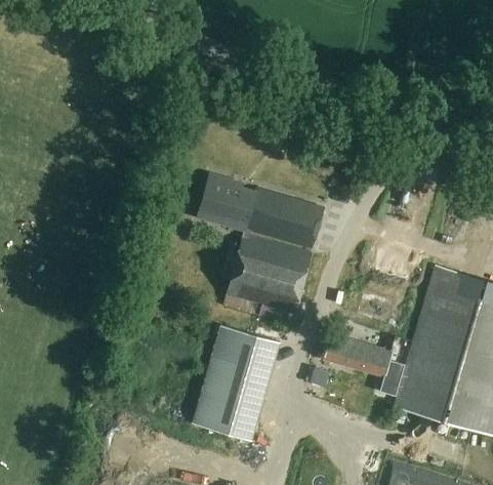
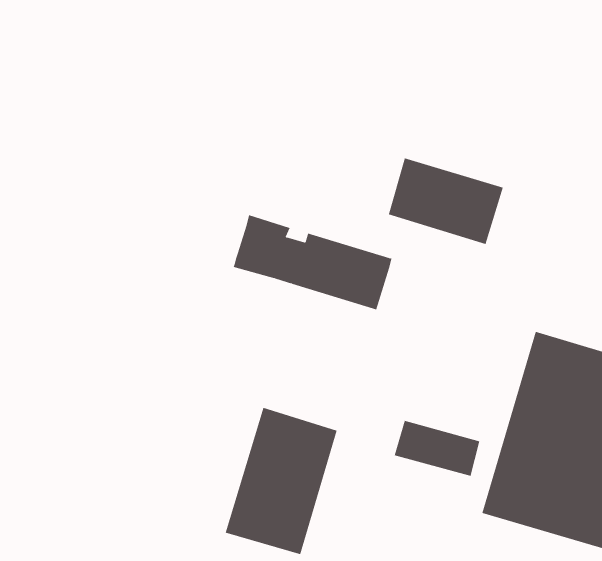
building: none -> [388,157,504,245]
building: [219,233,312,323] -> none

